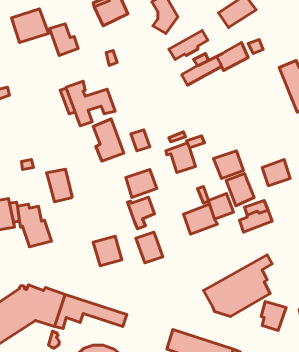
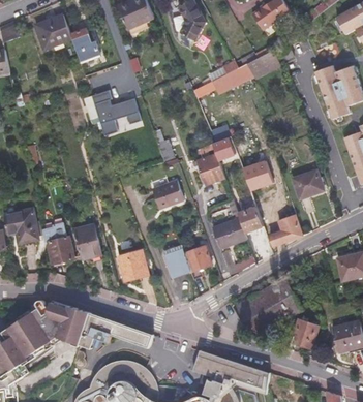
building: [169,30,208,60] -> none
building: [93,119,124,161] -> none
building: [46,169,72,202] -> [73,224,100,258]
building: [226,174,254,206] -> none
building: [128,197,155,229] -> [183,246,211,279]

